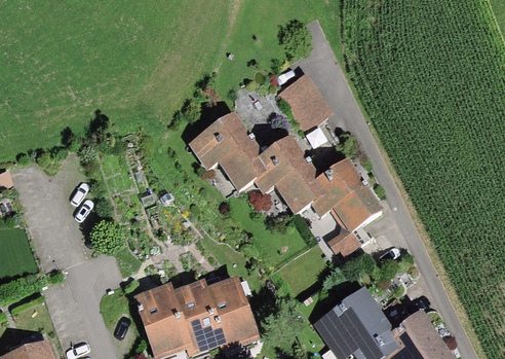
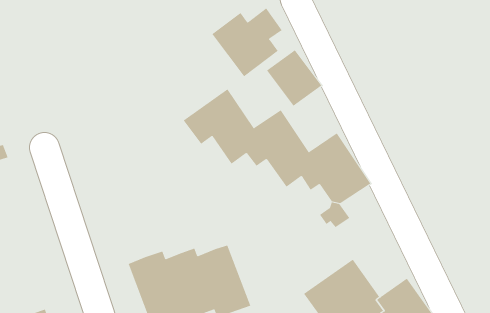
building: none -> [211,8,283,77]

